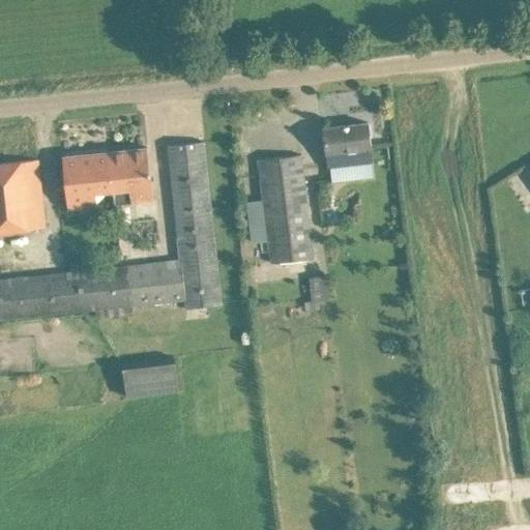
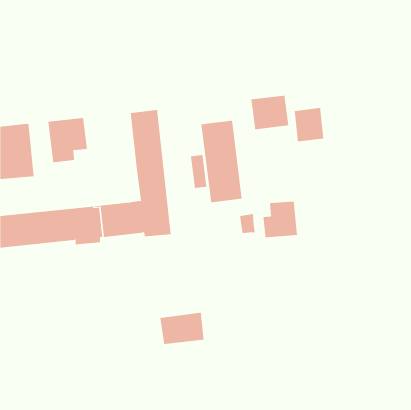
building: none -> [294,107,324,142]
building: [108,149,152,207] -> none
building: none -> [263,201,297,238]
building: [120,357,178,399] -> [159,312,205,345]

